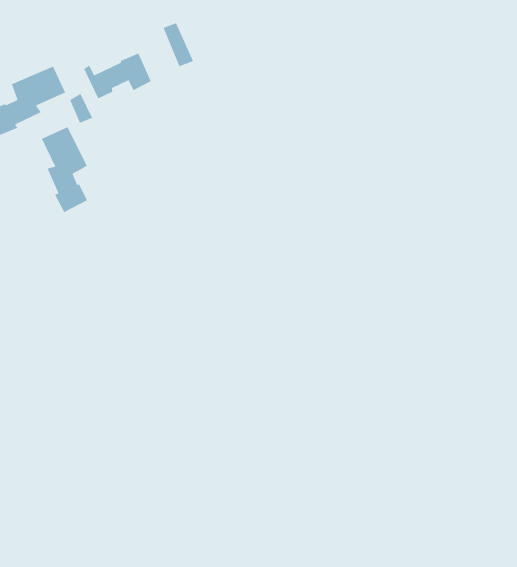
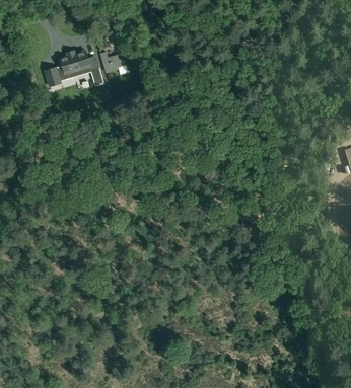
building: [41,126,88,213] -> none

